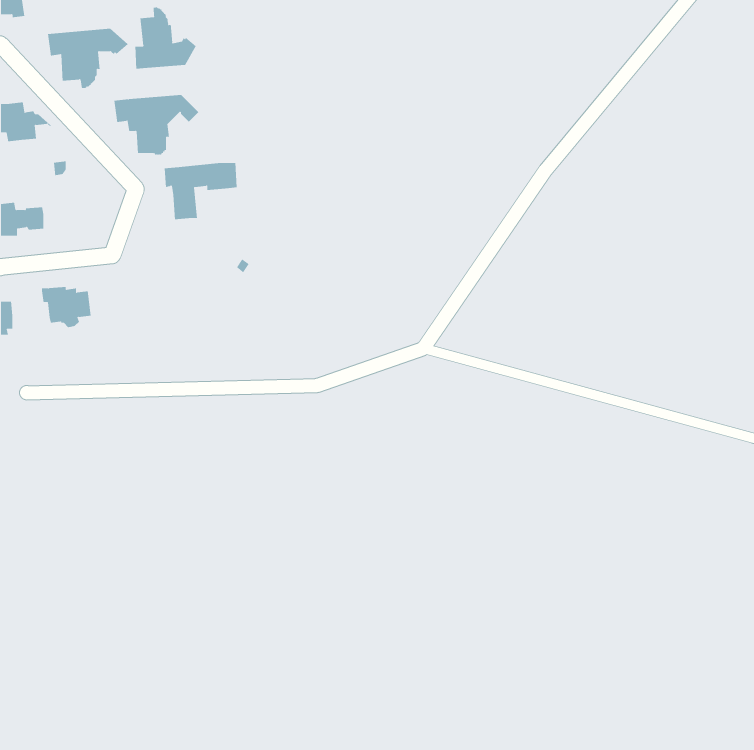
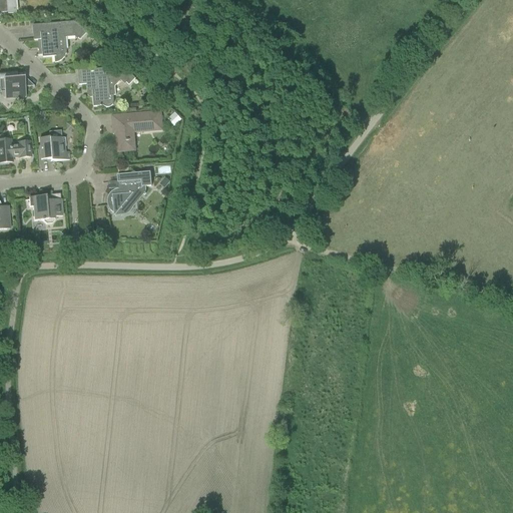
building: [135,6,196,69] -> none
building: none -> [39,135,69,159]
building: none -> [107,169,151,213]

